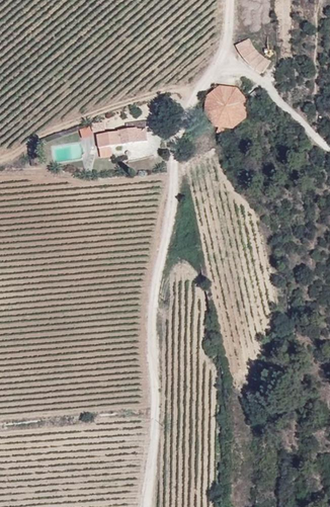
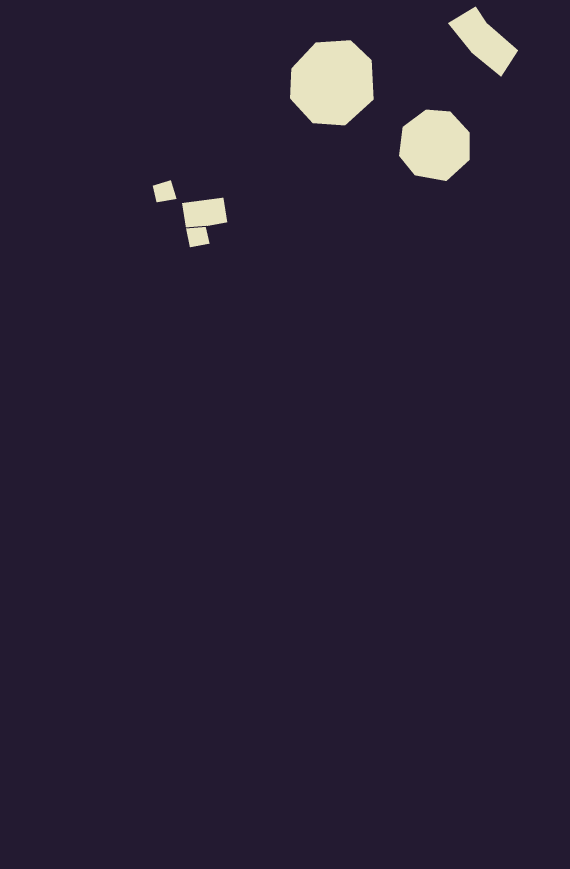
building: none -> [290,39,374,126]
building: [117,128,146,145] -> none

